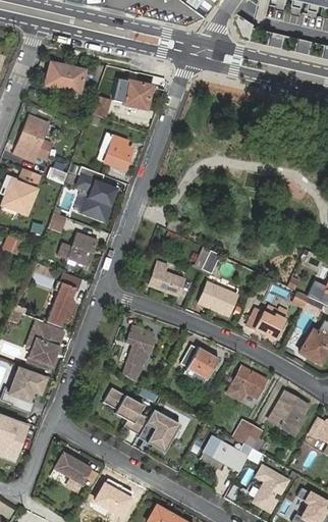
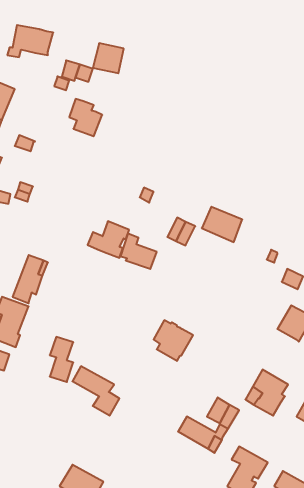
building: [76,173,118,220] -> none
building: [58,231,98,266] -> [88,221,129,258]
building: [199,281,237,315] -> [202,207,242,242]
building: [248,307,284,337] -> none
building: [126,324,149,367] -> [50,337,73,382]
building: [228,366,268,399] -> none
building: [140,409,177,448] -> none
building: [55,453,99,490] -> none

